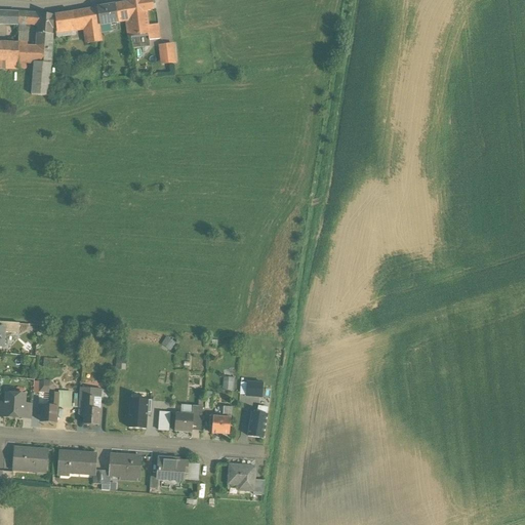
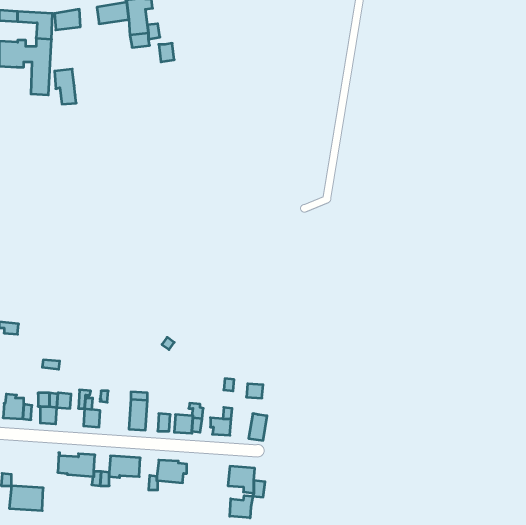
building: [79,7,100,42] -> [55,69,76,104]
building: [12,447,46,472] -> [9,486,43,511]
building: none -> [230,496,253,518]

